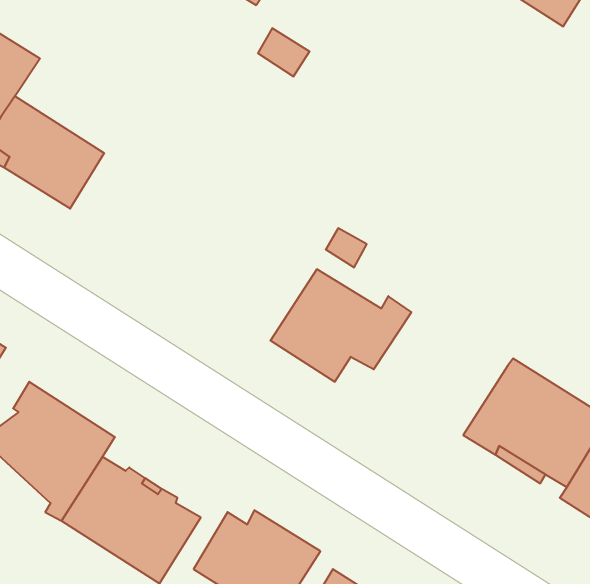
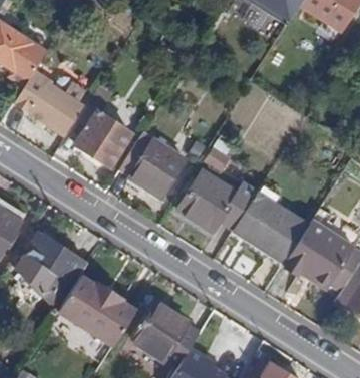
building: none -> [71,105,132,168]
building: none -> [127,132,187,201]
building: none -> [233,193,310,264]

